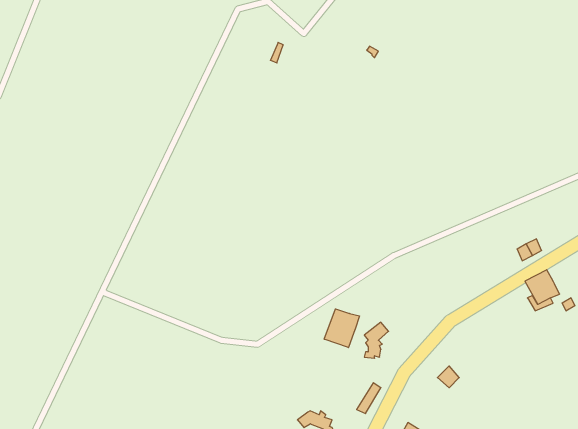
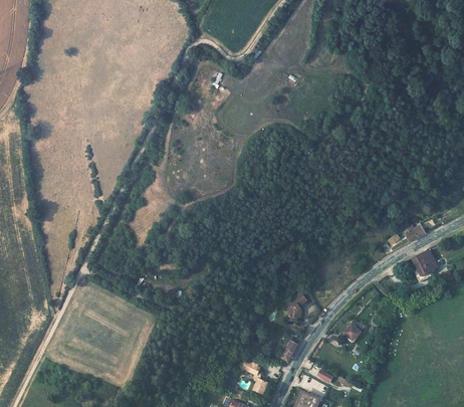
building: [324,309,359,348] -> none

